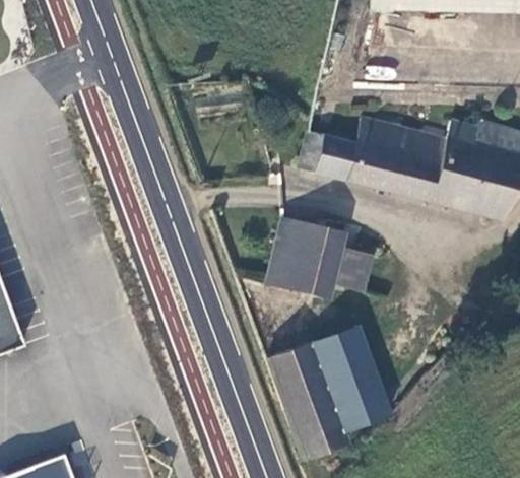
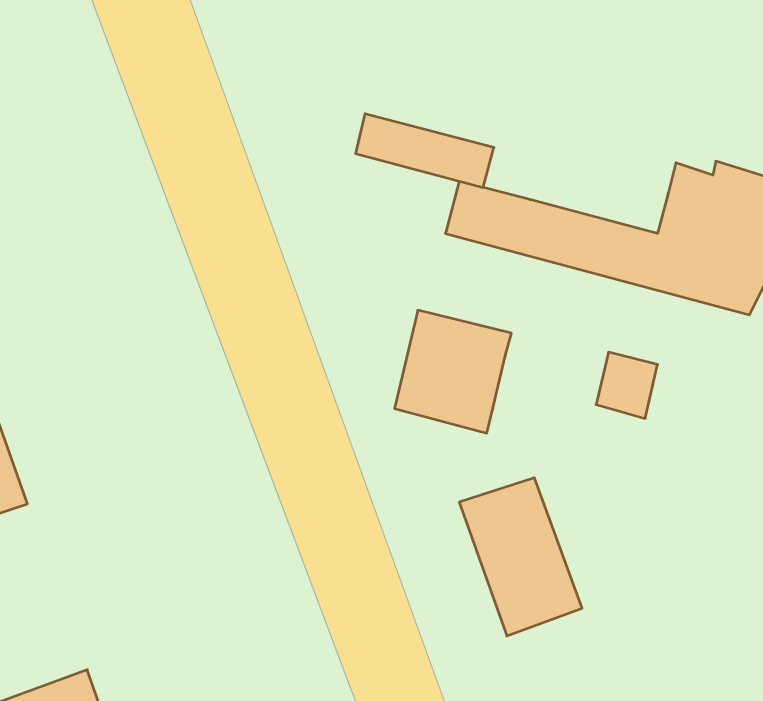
building: [356,117,448,165] -> [356,114,494,187]
building: [332,247,373,290] -> [596,352,658,418]
building: [269,343,347,459] -> none

